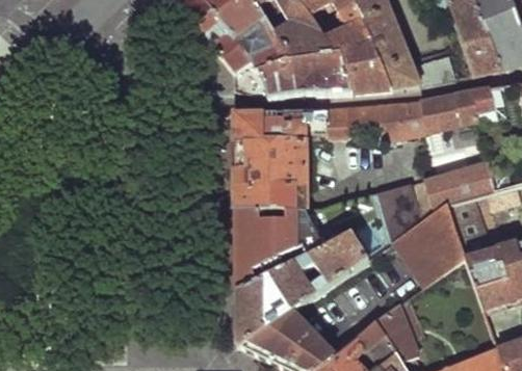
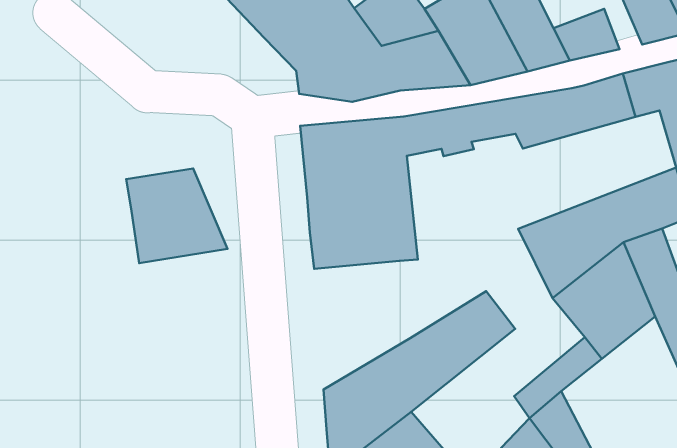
building: none -> [126,168,227,263]
building: [237,209,298,292] -> none

